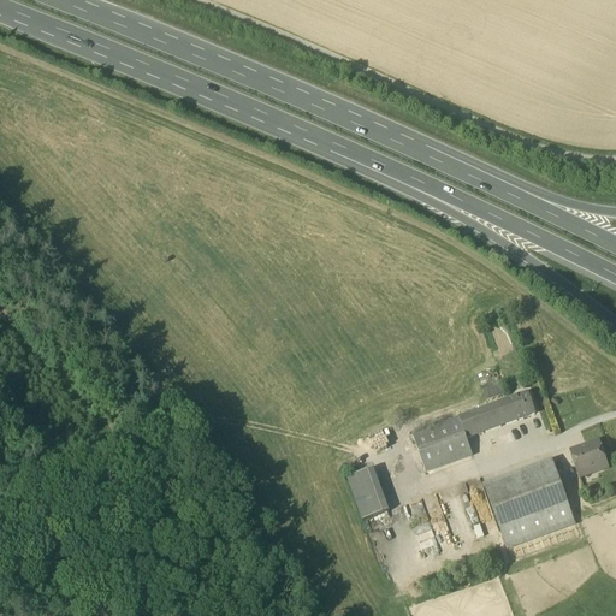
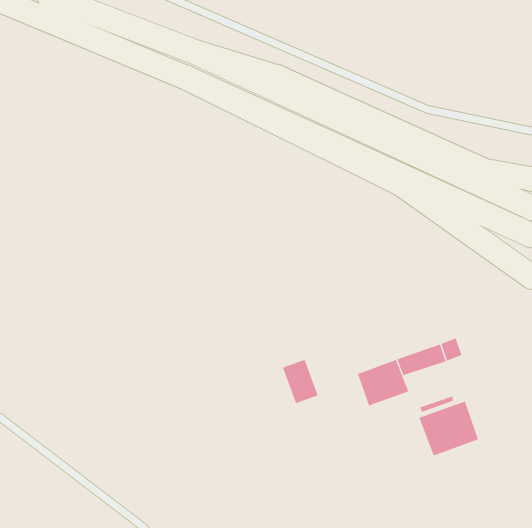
building: [571,439,606,470] -> none
building: [500,457,574,543] -> none
building: [346,466,389,517] -> [282,359,319,404]

